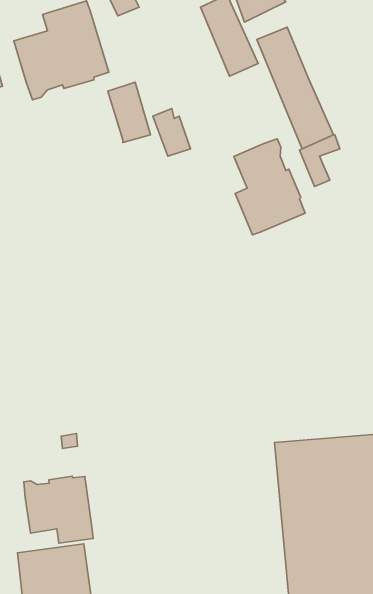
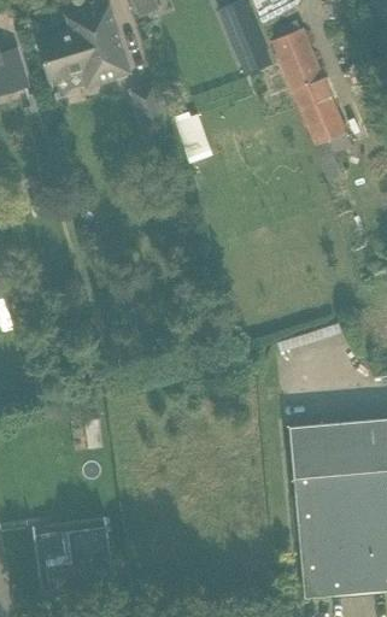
building: [234,139,305,235] -> none
building: [24,476,93,543] -> none

